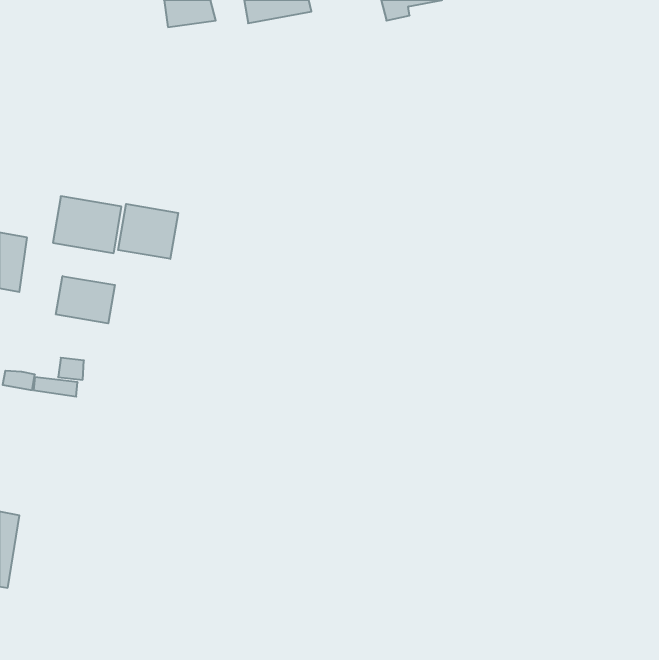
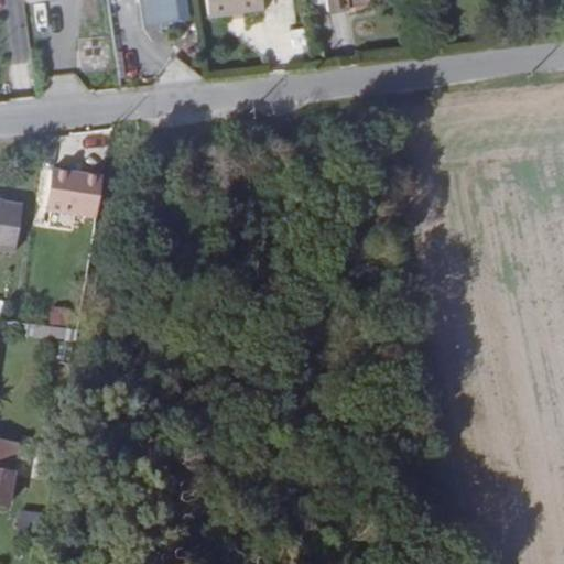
building: [118,204,178,259] -> none
building: [56,276,115,323] -> none

